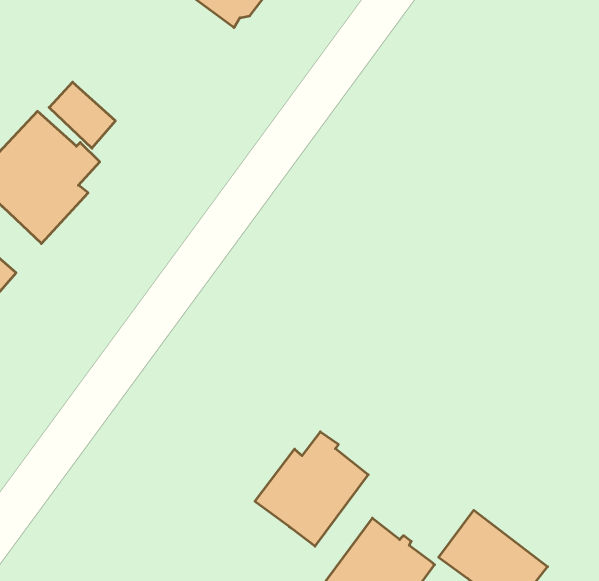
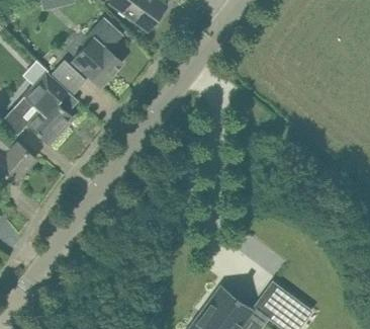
building: none -> [72,21,123,87]
building: [255,432,368,546] -> none

